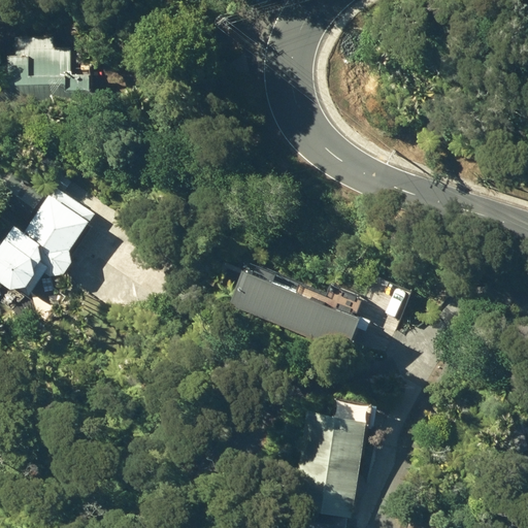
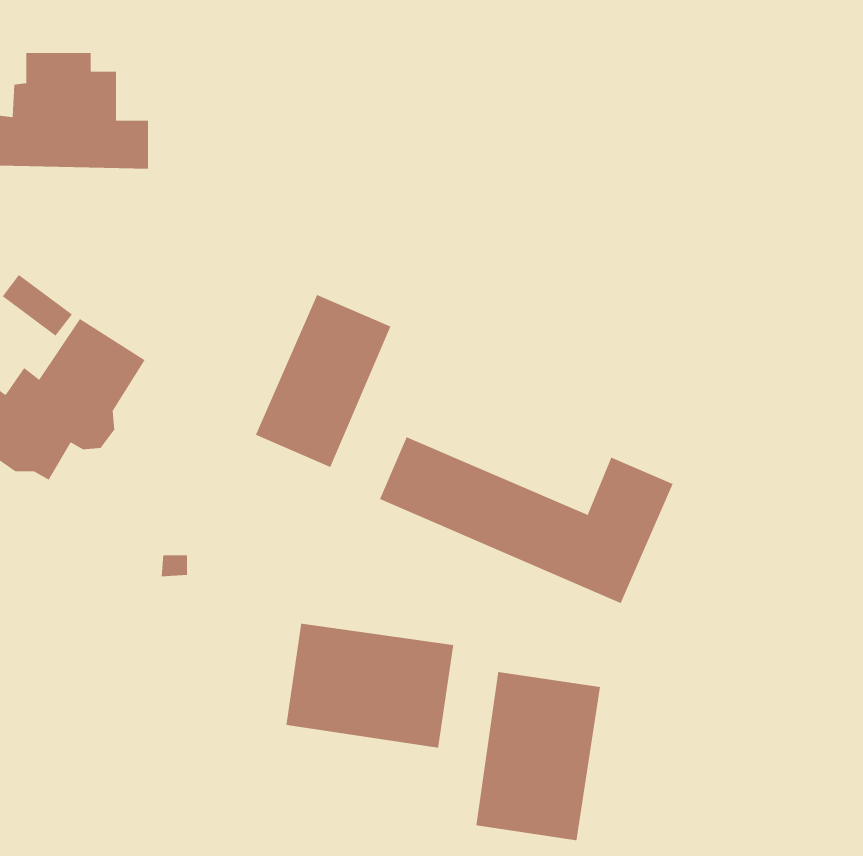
building: none -> [255,294,391,468]
building: none -> [286,623,454,749]

